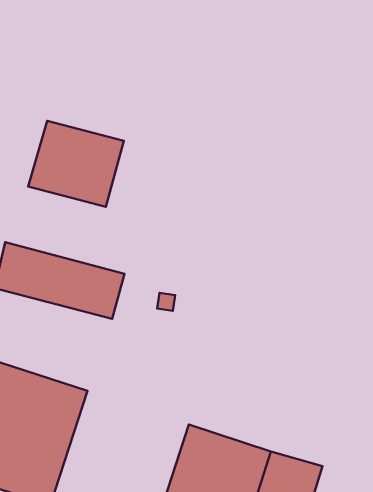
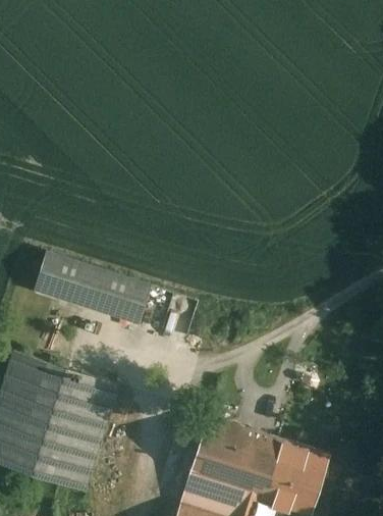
building: [28,121,124,207] -> none

